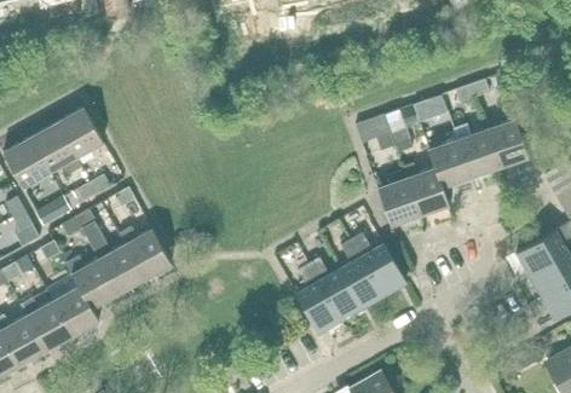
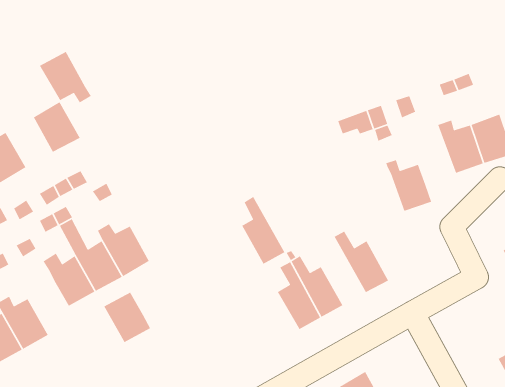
building: [30,122,82,174] -> [39,51,92,104]
building: [428,139,472,189] -> none
building: [376,171,421,226] -> none
building: [340,239,383,307] -> [241,196,285,265]
building: [52,285,99,336] -> [103,291,151,343]

